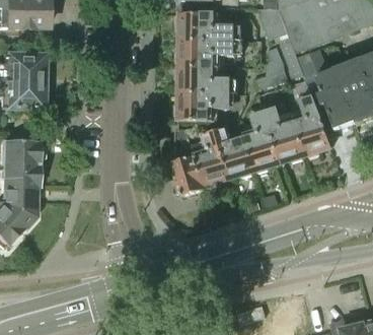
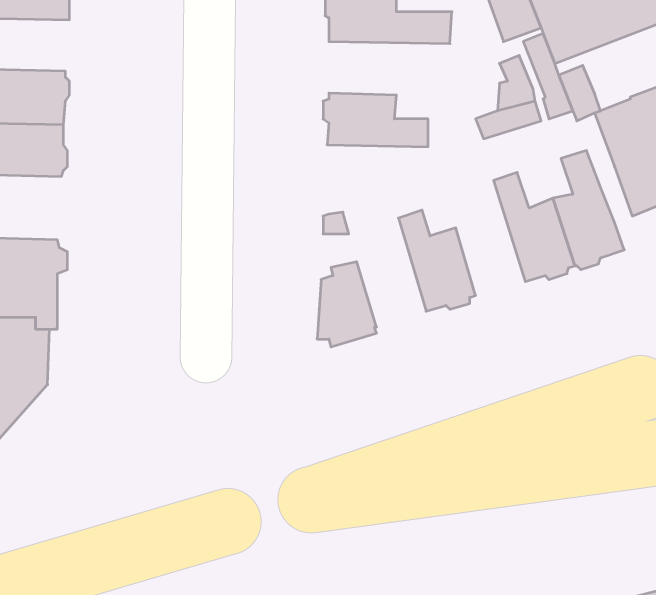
building: [177,40,242,67] -> none
building: [176,92,231,121] -> none
building: [245,111,281,172] -> none
building: [194,130,230,187] -> none

